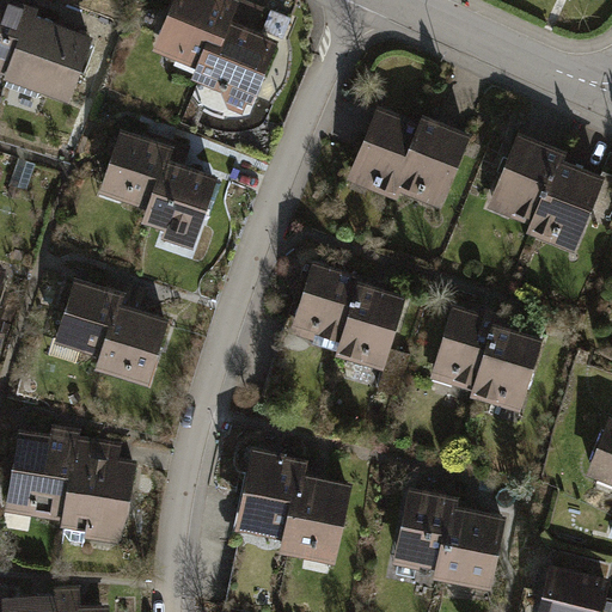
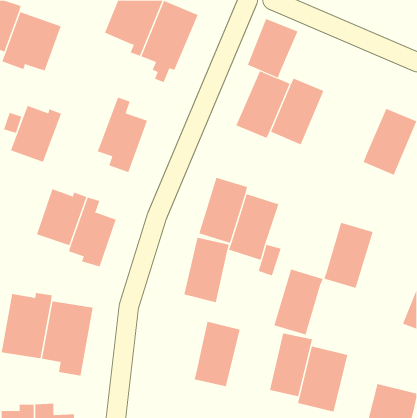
building: none -> [247,18,298,78]
building: [96,130,171,214] -> [10,105,62,163]
building: [486,130,565,228] -> none
building: [427,301,500,398] -> [273,269,323,335]
building: [237,449,304,545] -> [184,237,230,303]

